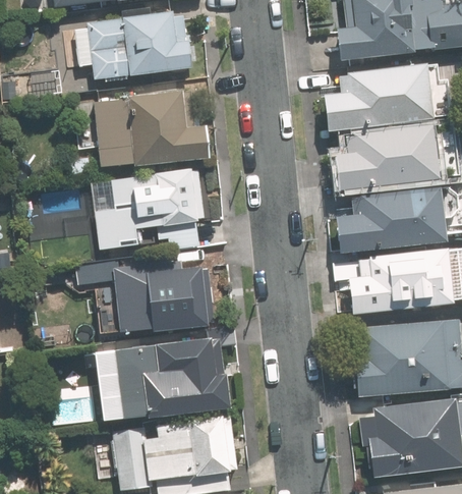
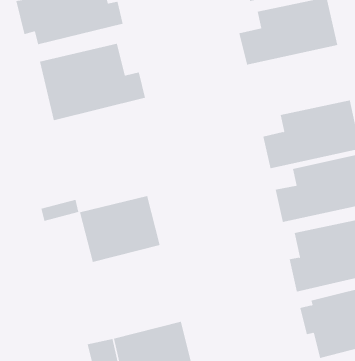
building: [332,123,443,193] -> none
building: [91,170,205,250] -> none
building: [117,337,231,420] -> none

